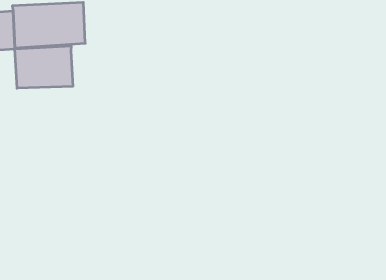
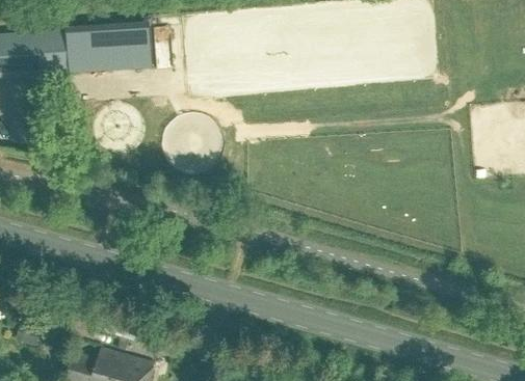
building: [15,46,73,88] -> none

